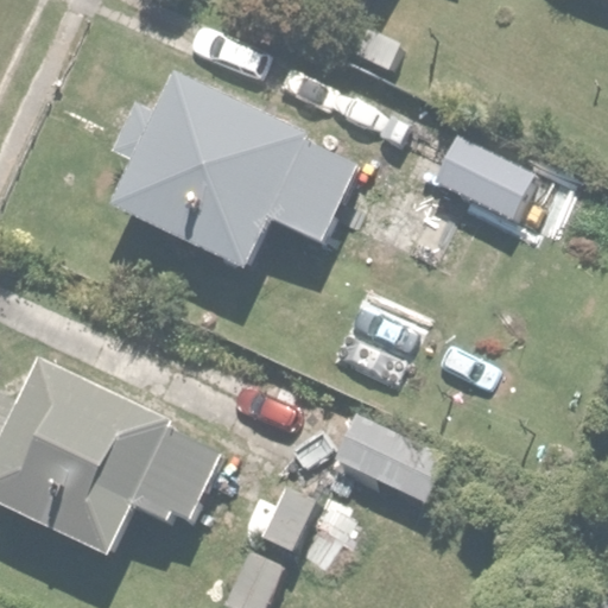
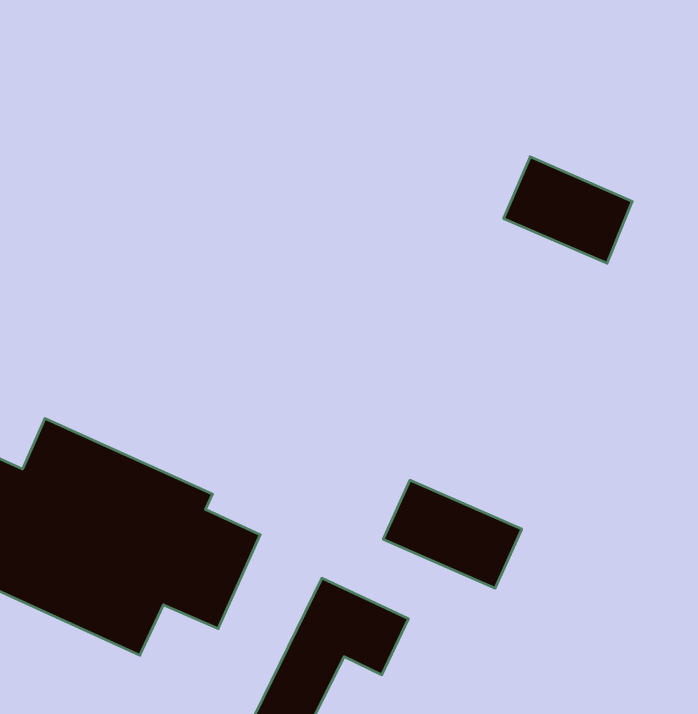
building: [112,76,355,268] -> none

